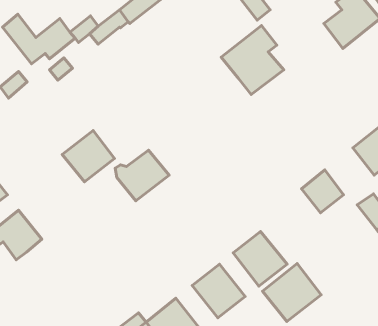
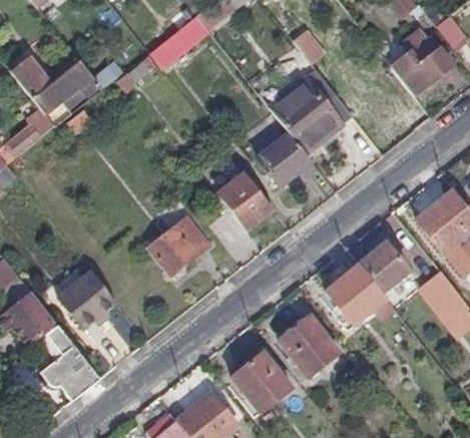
building: none -> [256,134,314,186]
building: none -> [212,172,271,234]
building: [62,130,114,182] -> [52,272,113,332]
building: none -> [327,264,388,325]
building: none -> [33,323,100,400]
building: [263,263,321,322] -> none

